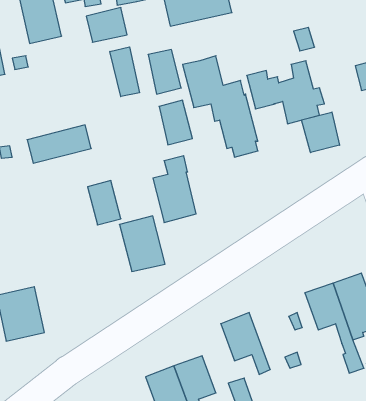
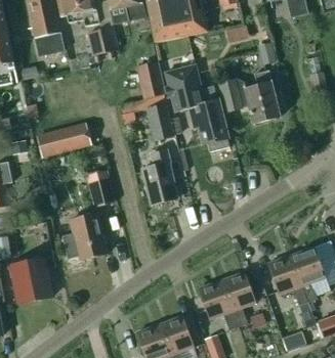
building: [110,47,139,97] -> none
building: [302,112,340,153] -> none
building: [119,216,165,271] -> [70,213,108,259]
building: none -> [221,271,256,326]

